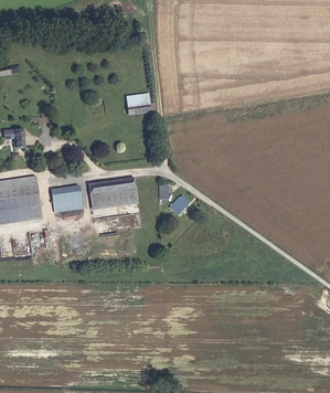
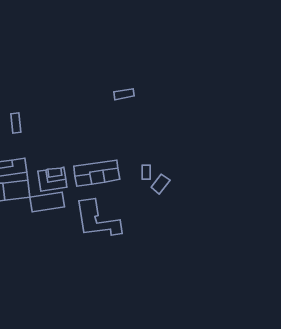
building: none -> [30,192,64,212]
building: none -> [79,199,122,235]

